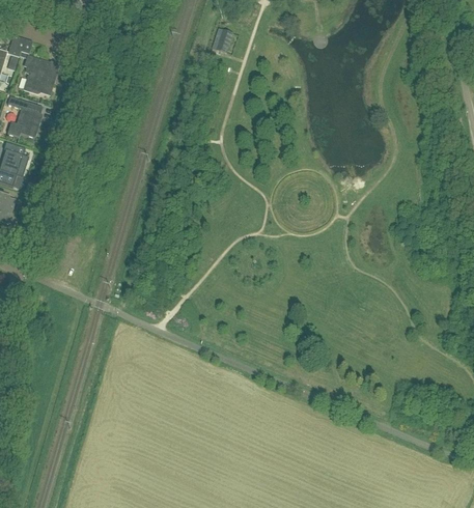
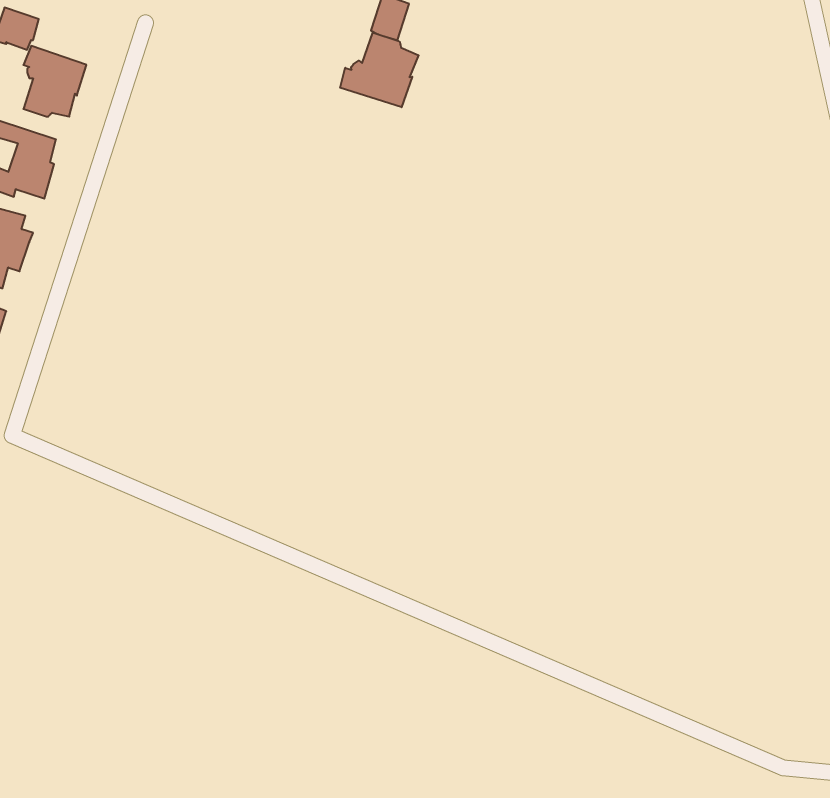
building: none -> [340,33,419,107]

